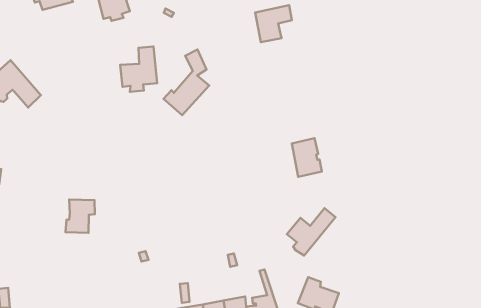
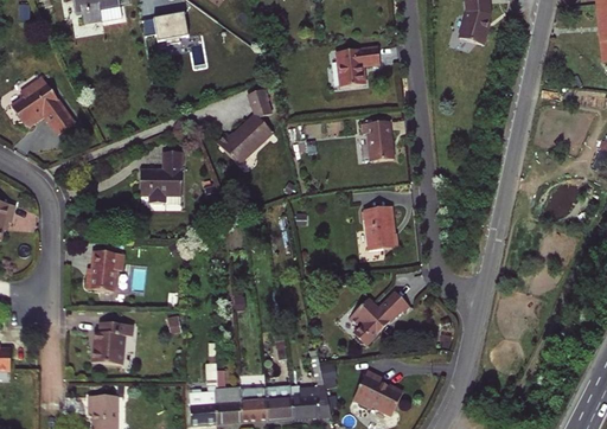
building: [120,46,157,92] -> [140,151,181,201]
building: none -> [359,121,389,160]
building: none -> [95,321,134,363]

